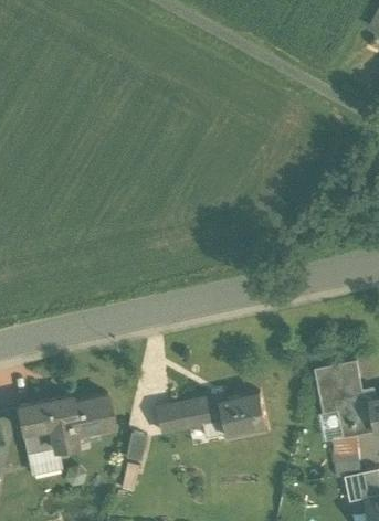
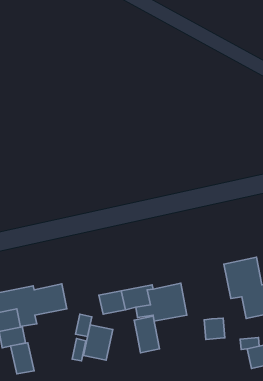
building: none -> [134,316,160,353]
building: [335,437,361,465] -> [204,318,225,340]
building: none -> [83,325,113,360]
building: none -> [11,343,34,374]

